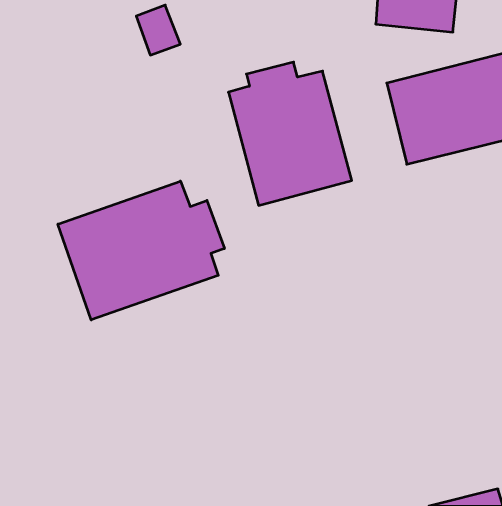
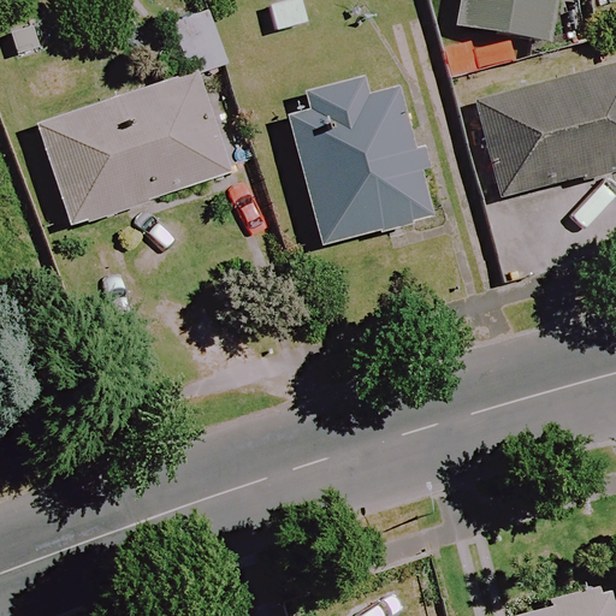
building: none -> [38,70,232,226]
building: [58,181,224,320] -> none

